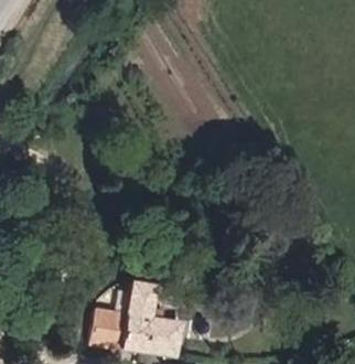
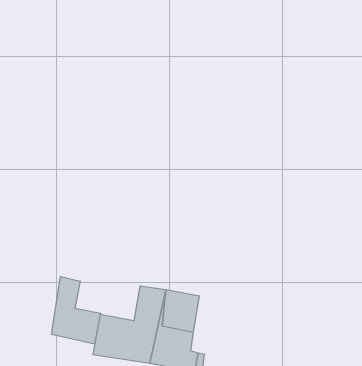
building: none -> [52,276,100,344]

